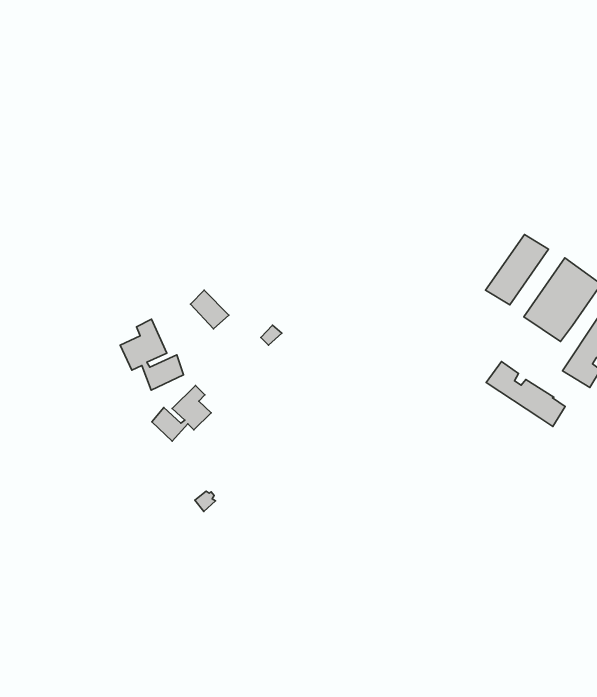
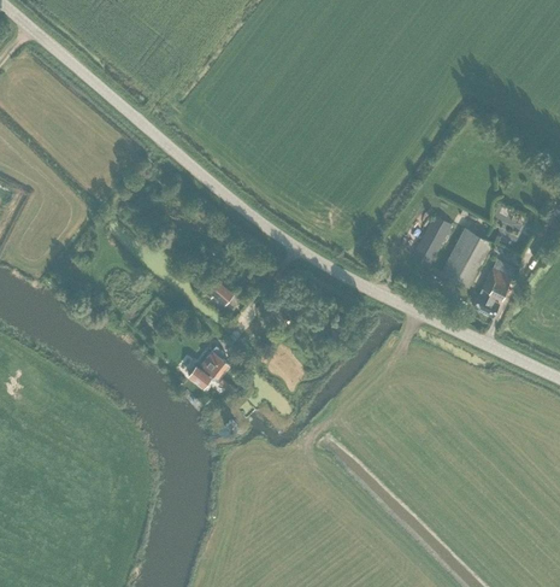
building: [120,319,183,390] -> none
building: [486,362,565,426] -> none

